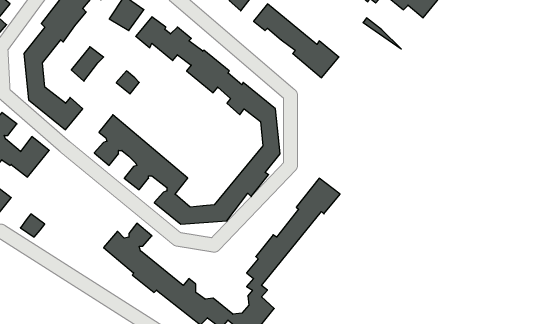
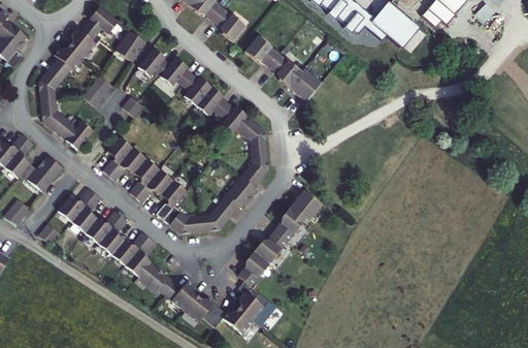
building: none -> [59,188,128,254]

